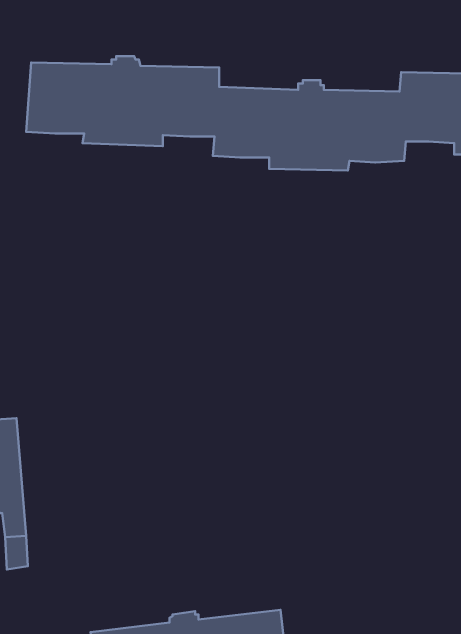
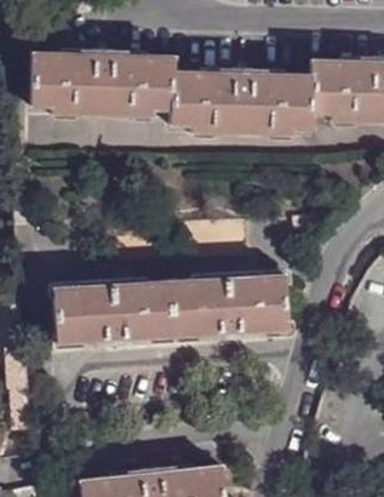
building: none -> [55,274,290,344]

